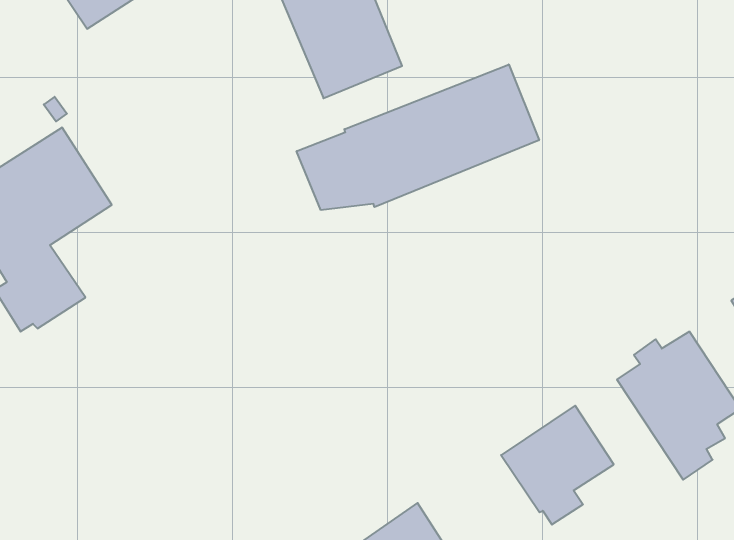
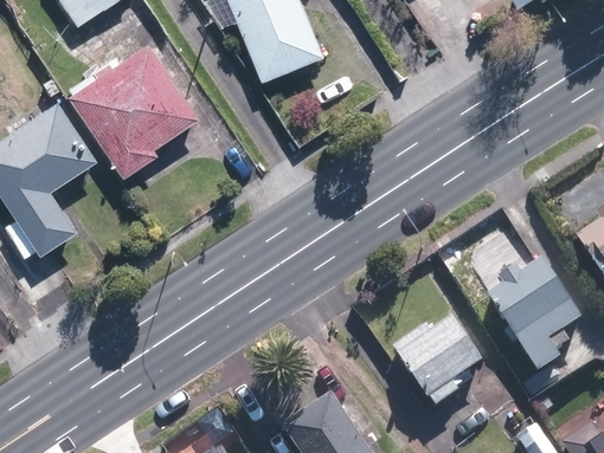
building: none -> [70,44,199,176]
building: [297,64,539,210] -> none

